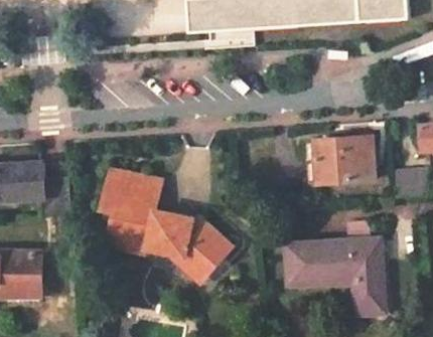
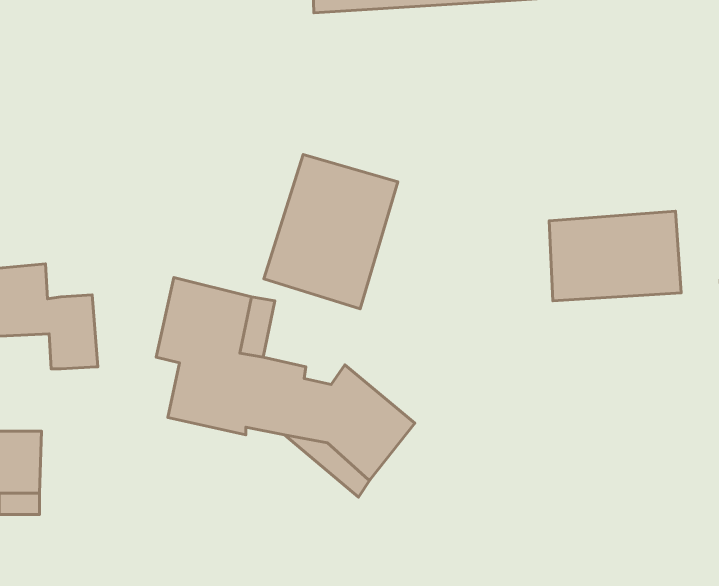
building: none -> [264,154,398,309]
building: [281,238,384,315] -> none

